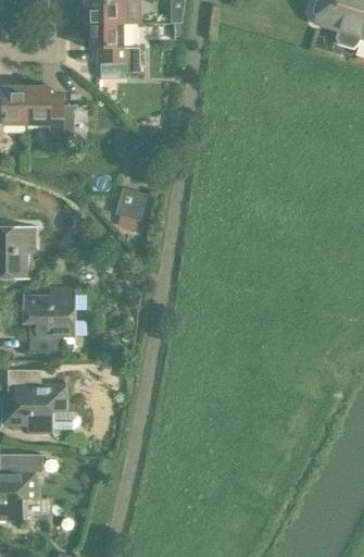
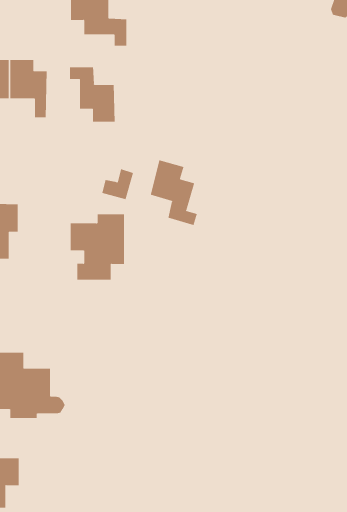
building: none -> [69,66,115,123]
building: none -> [150,159,197,226]
building: [22,286,75,350] -> [70,214,125,280]

